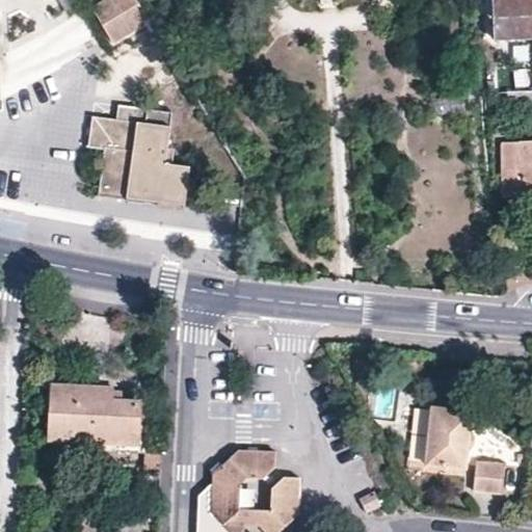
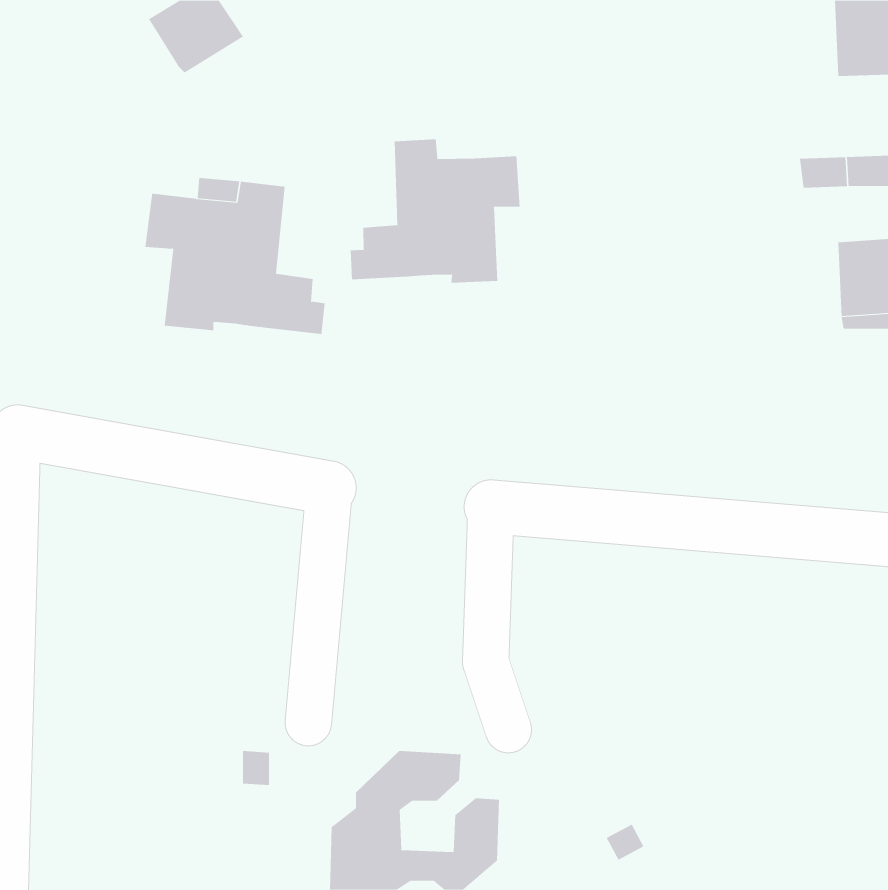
building: none -> [350,138,520,283]
building: [50,381,142,445] -> none
building: [424,406,505,491] -> none

